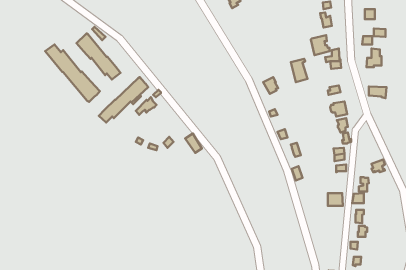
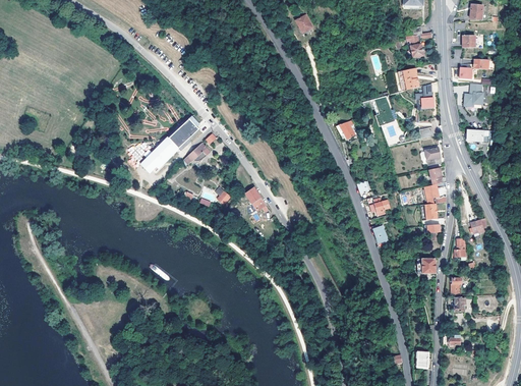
building: [76,34,120,79] -> none
building: [45,44,100,102] -> none

